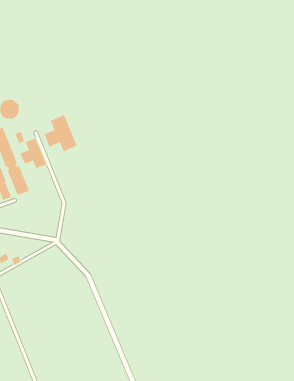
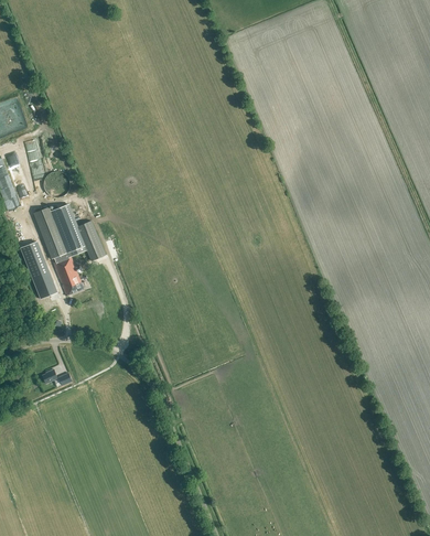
building: [44,114,78,152] -> none

